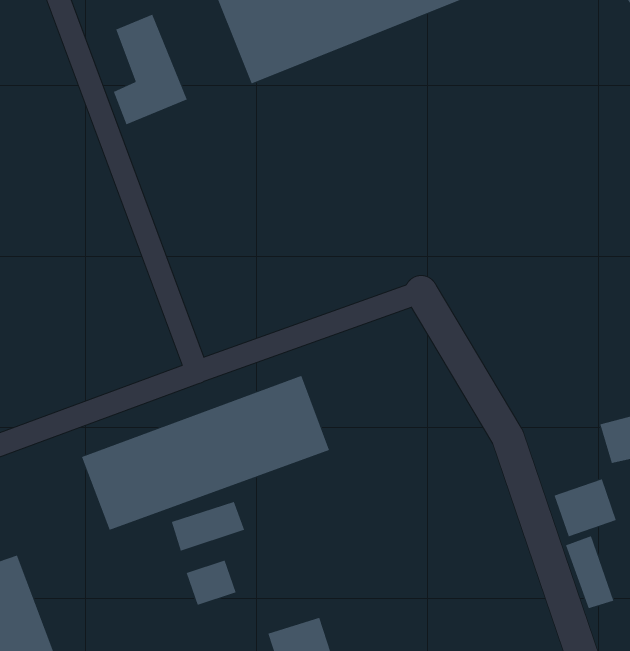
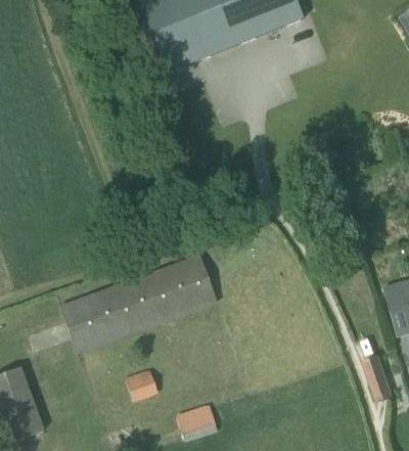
building: [113,14,187,125] -> none
building: [554,479,616,537] -> none
building: [171,501,245,552] -> none

